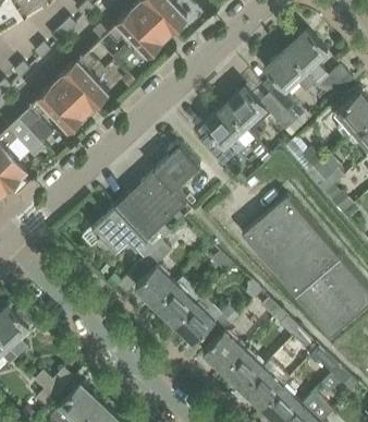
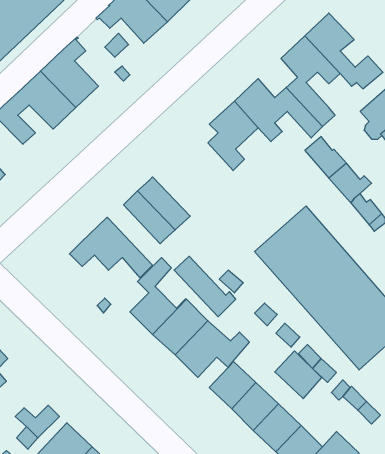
building: [154,144,199,192] -> none
building: [115,196,169,249] -> [174,256,236,317]
building: none -> [275,351,322,399]

